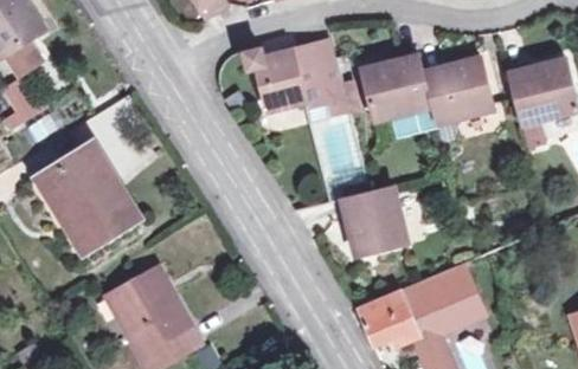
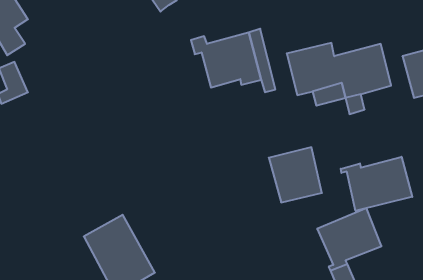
building: [39,147,136,245] -> none
building: none -> [341,157,412,211]
building: [357,287,420,343] -> none

